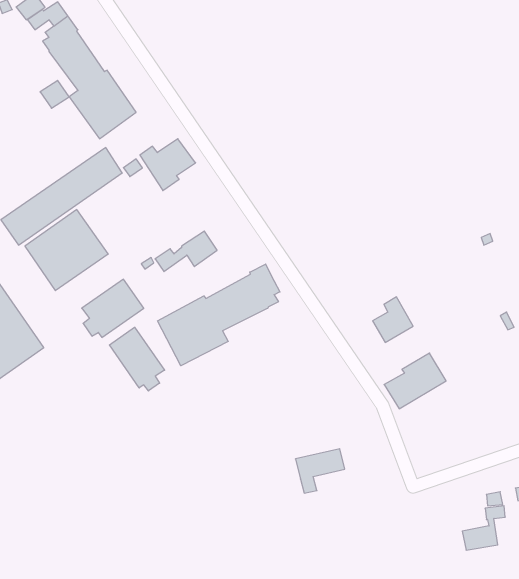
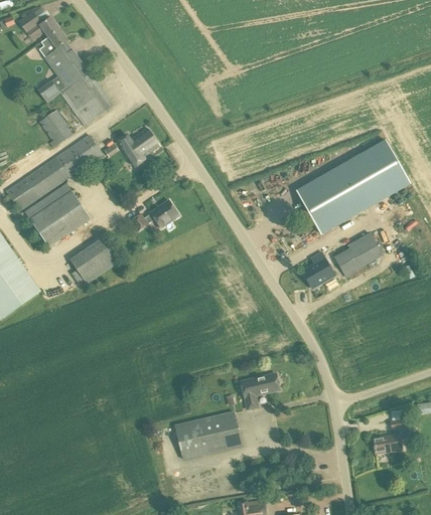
building: none -> [35,109,76,147]
building: none -> [296,139,409,233]
building: [158,264,280,366] -> none
building: [109,327,165,391] -> none
building: [384,353,446,409] -> [332,231,382,276]
building: none -> [173,409,242,459]

